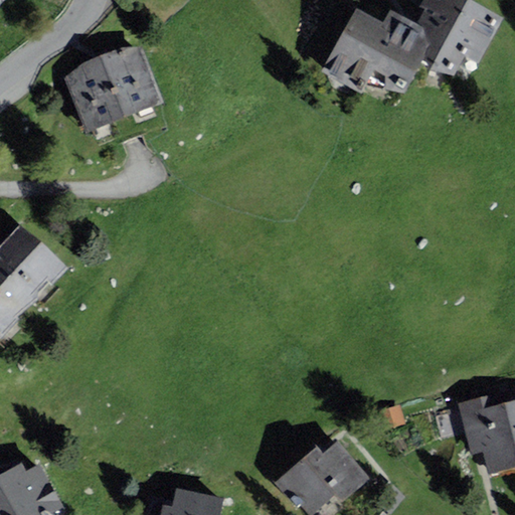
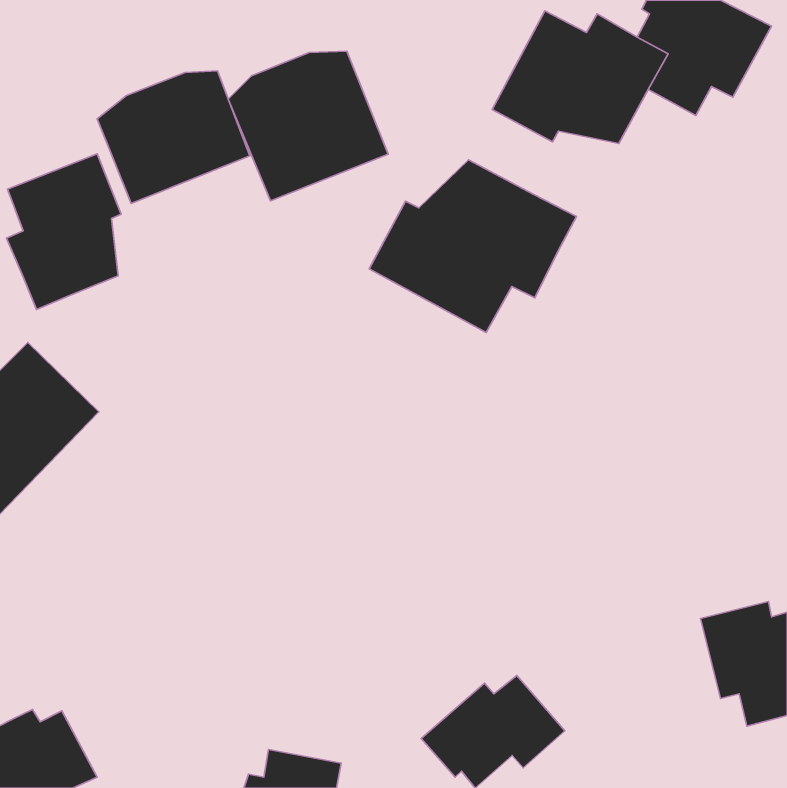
building: none -> [228,51,388,201]
building: none -> [6,154,121,310]
building: none -> [369,160,576,333]

